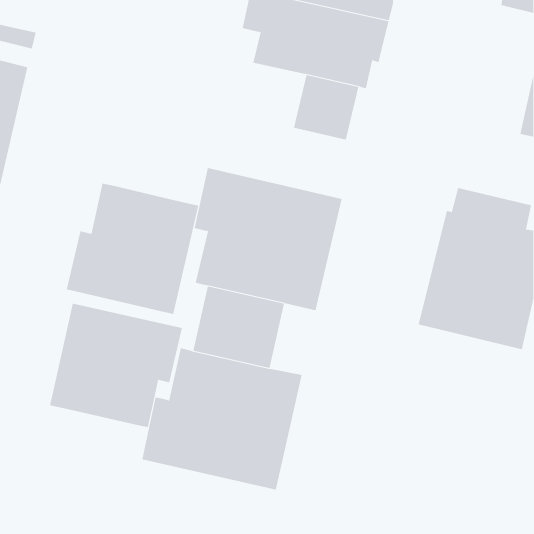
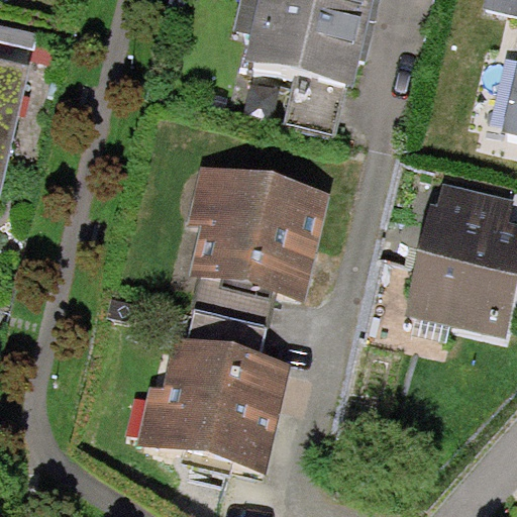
building: [66,183,199,315] -> none
building: [49,303,182,428] -> none

